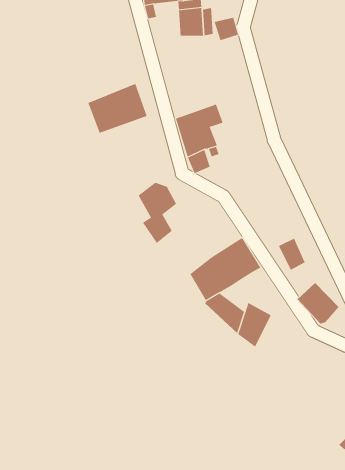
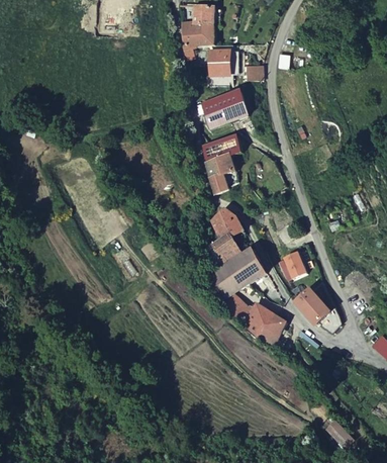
building: [88,83,147,134] -> [198,87,248,127]
building: [138,182,177,244] -> [211,209,244,261]
building: none -> [258,313,285,346]

